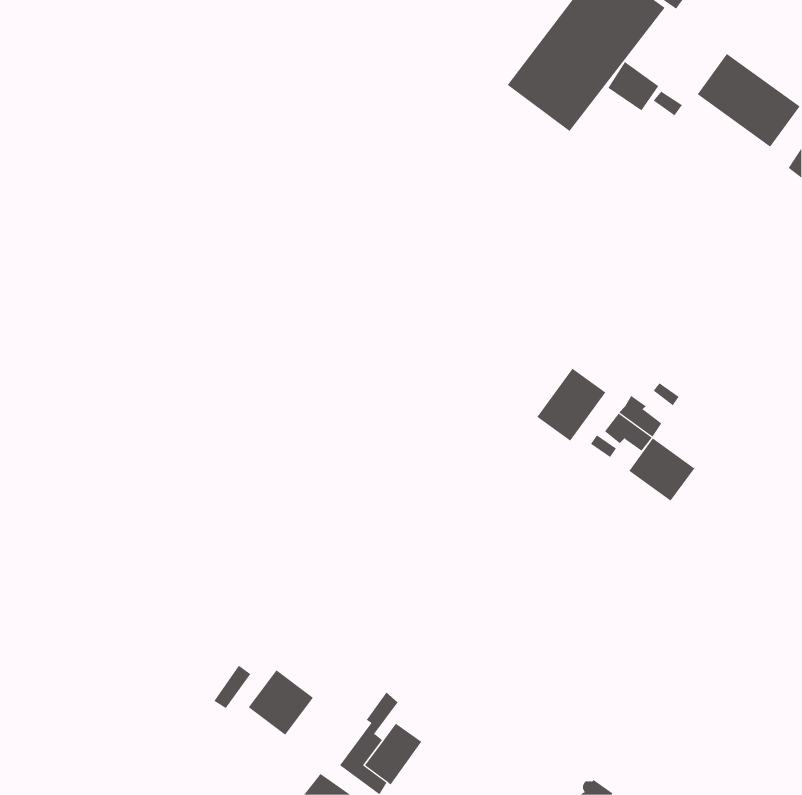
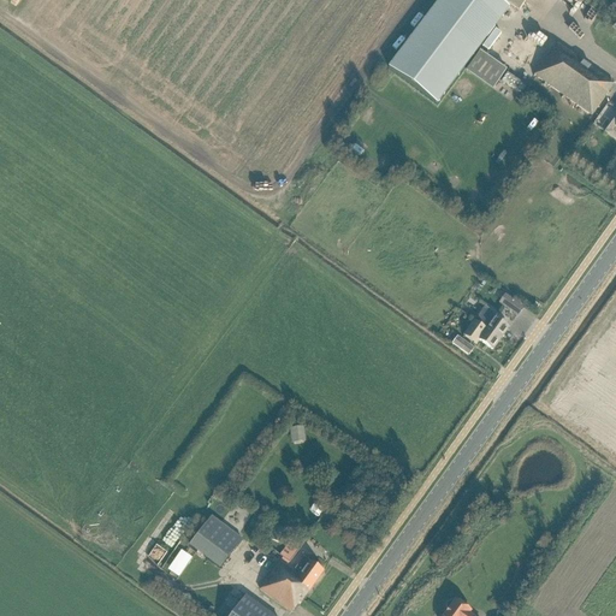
building: [537,368,606,442] -> none
building: [628,437,695,502] -> none

